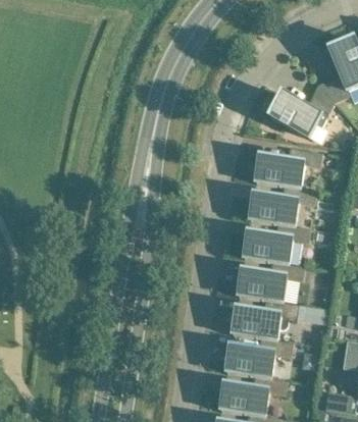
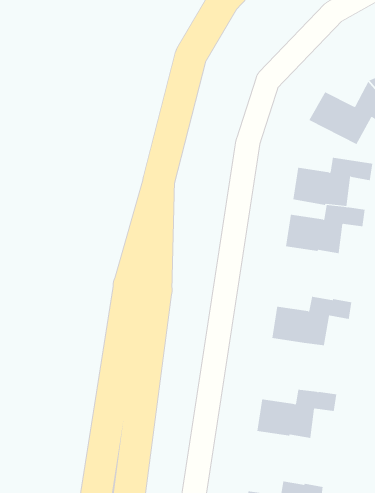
building: [242,221,309,262] -> none
building: [231,298,297,337] -> none
building: [218,373,286,414] -> none

